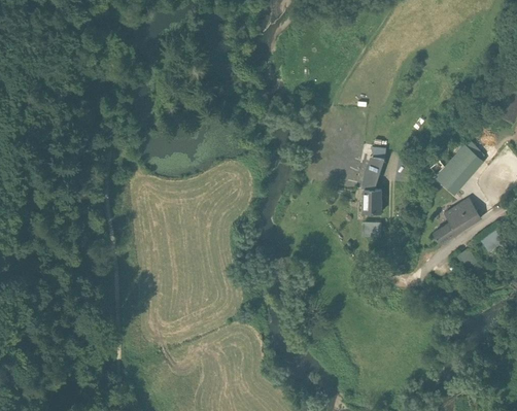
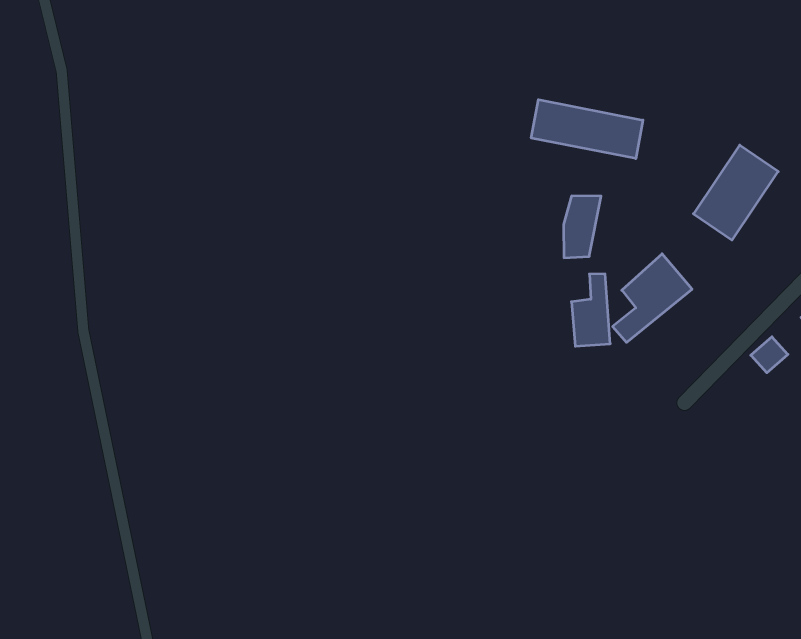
building: none -> [531,100,643,159]
building: [435,197,479,241] -> [613,254,692,342]

